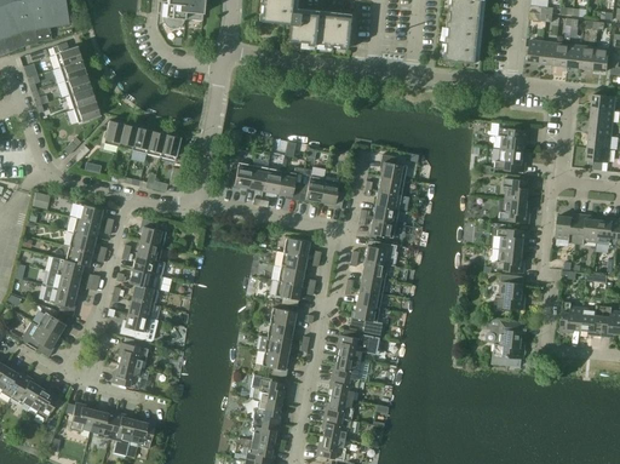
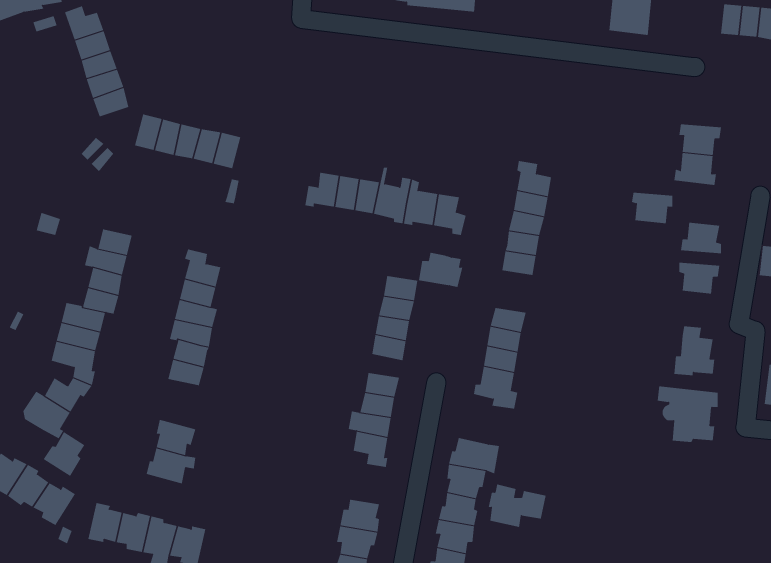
building: [503,178,533,201] -> [631,192,673,224]
building: [364,240,397,265] -> [418,252,463,287]
building: [494,248,524,271] -> none
building: [120,313,157,342] -> none
building: [337,328,379,360] -> [488,484,546,527]
building: none -> [43,431,85,477]
building: [249,378,287,403] -> none

